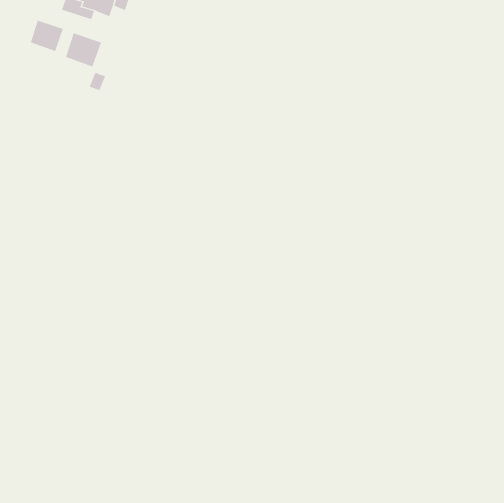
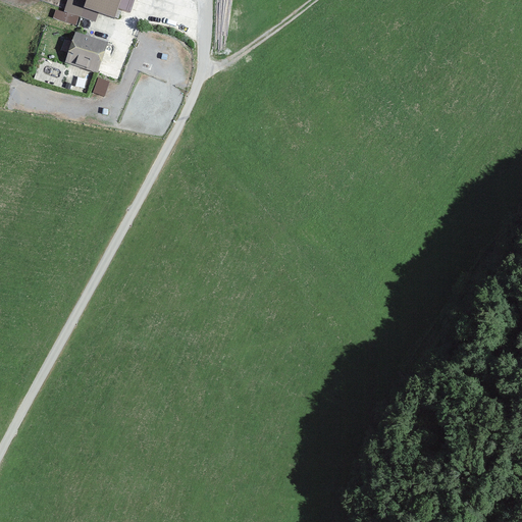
building: [30,20,63,52] -> none

